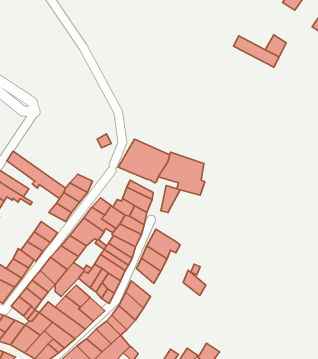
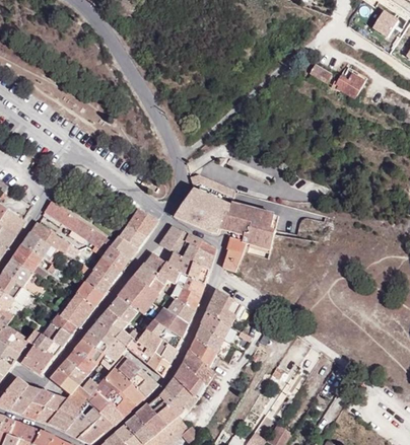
building: none -> [128,210,157,234]
building: none -> [160,226,189,256]
building: none -> [79,263,114,293]
building: [183,270,206,296] -> [190,335,216,364]

